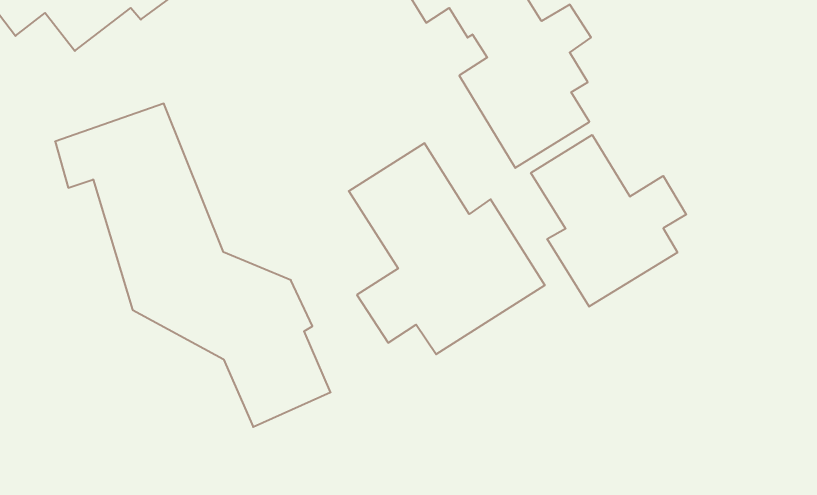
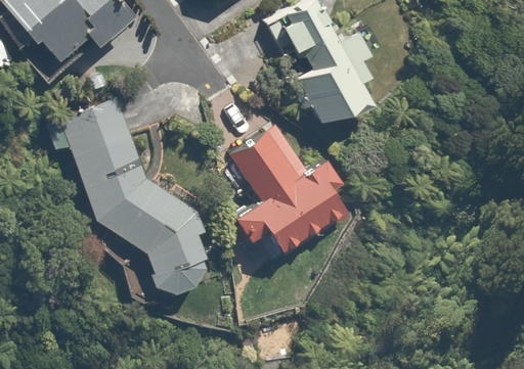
building: [531,135,686,307] -> none

